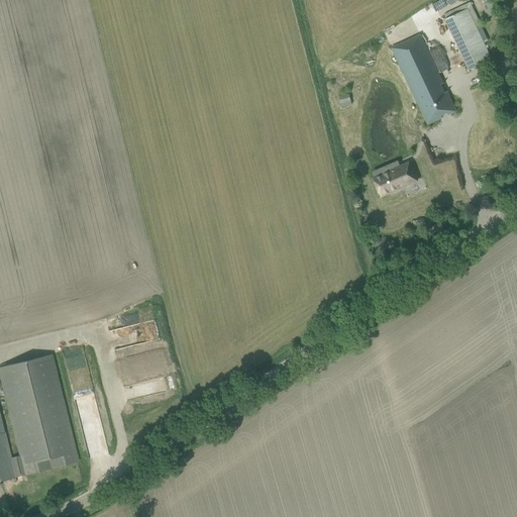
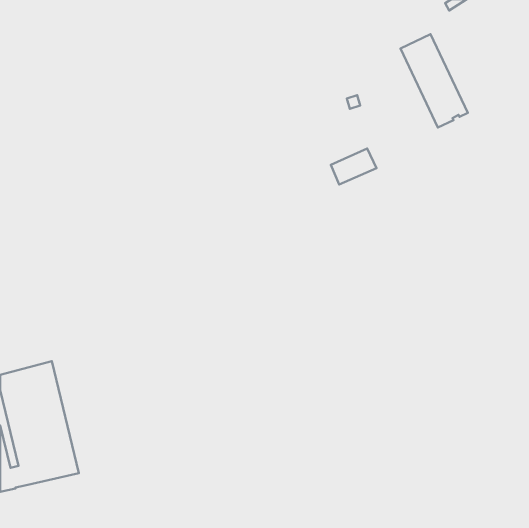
building: [444,7,491,69] -> none
building: [373,161,417,196] -> [331,148,376,185]

